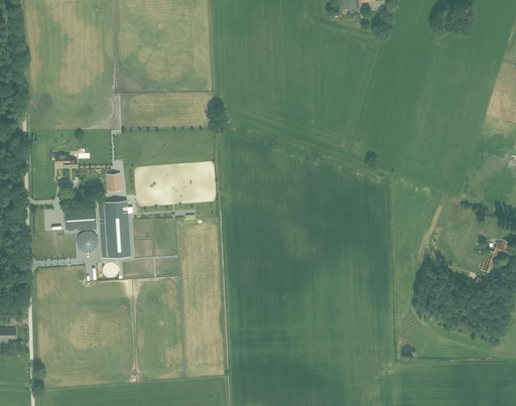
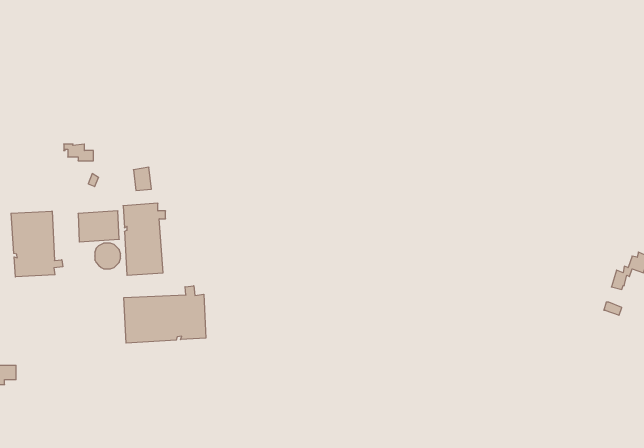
building: none -> [11,211,63,277]
building: none -> [124,286,206,343]

